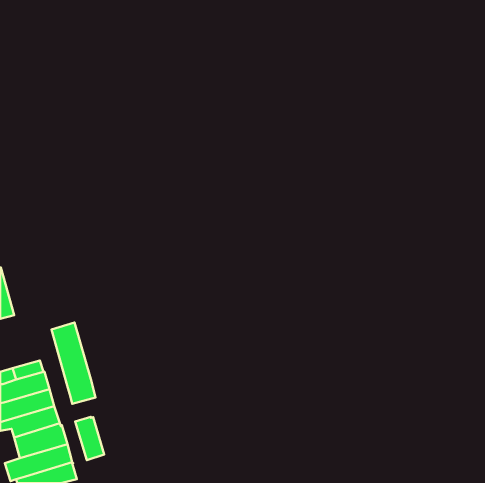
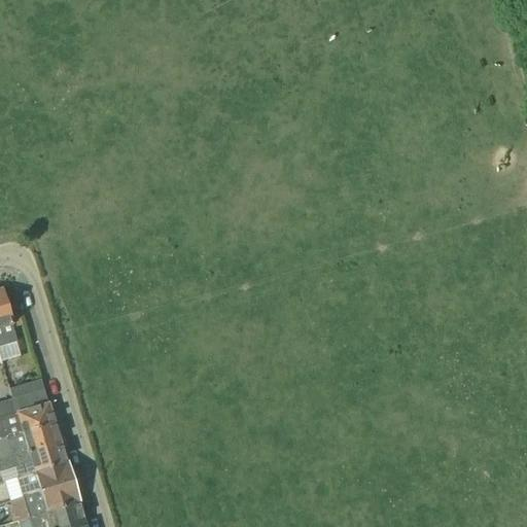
building: [52,322,96,404] -> none
building: [75,417,104,460] -> none

